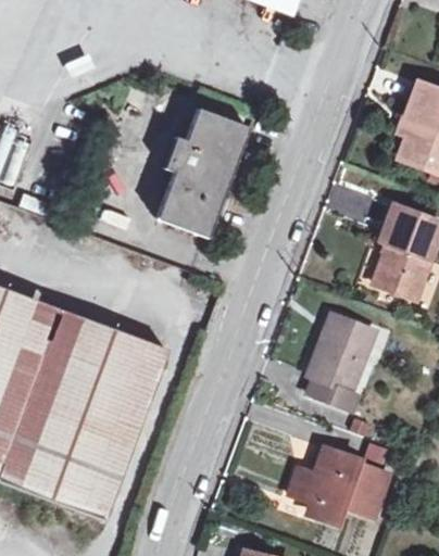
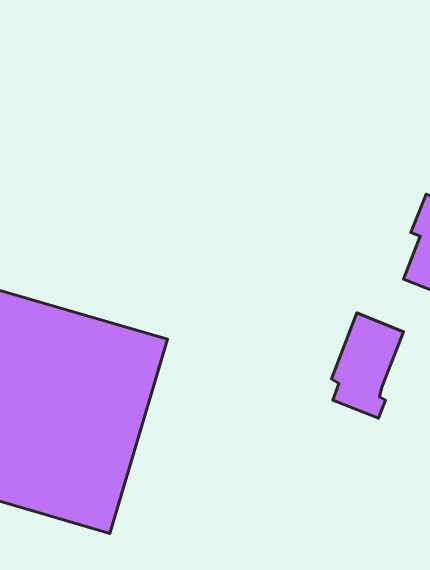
building: [159,109,251,238] -> none
building: [291,444,391,523] -> none

